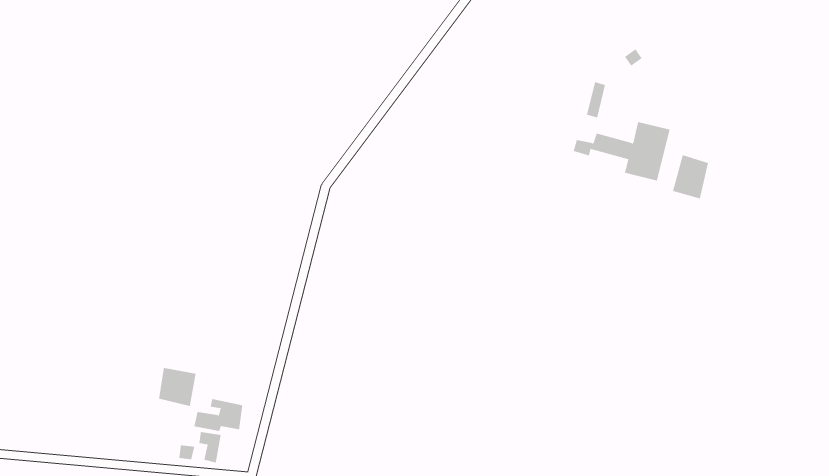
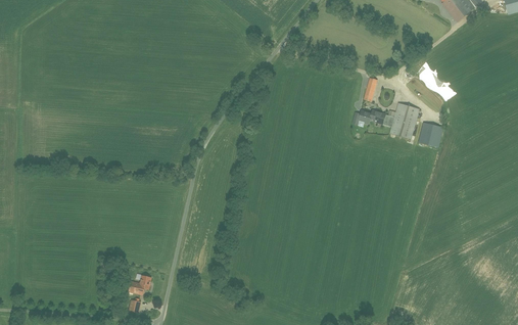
building: [159,367,196,407] -> none

